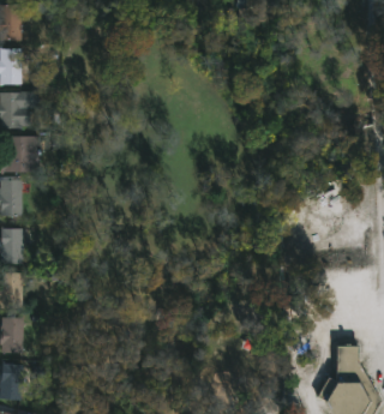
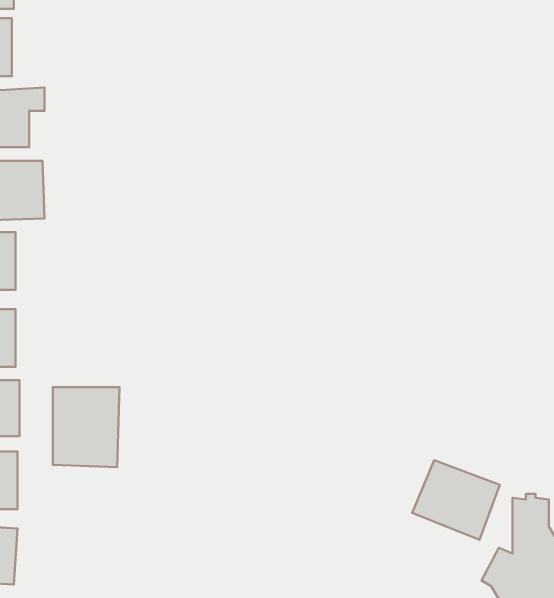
building: none -> [53,387,119,467]
building: none -> [412,460,500,540]

